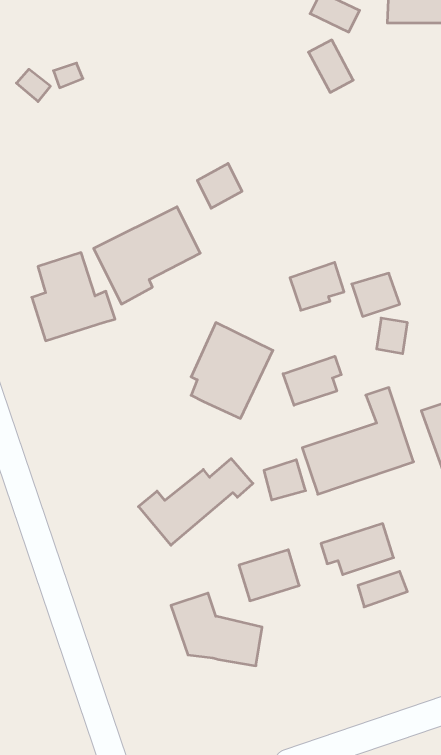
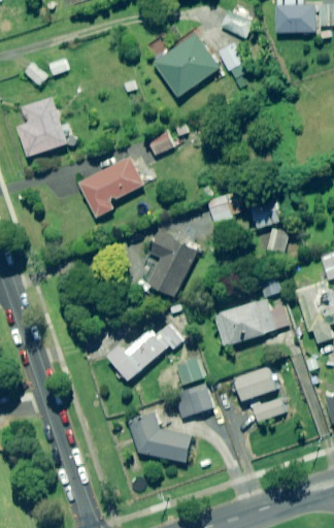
building: none -> [153,32,223,98]
building: [32,253,115,341] -> [20,97,75,156]
building: [283,356,341,405] -> none
building: [264,460,306,500] -> [176,357,204,384]

